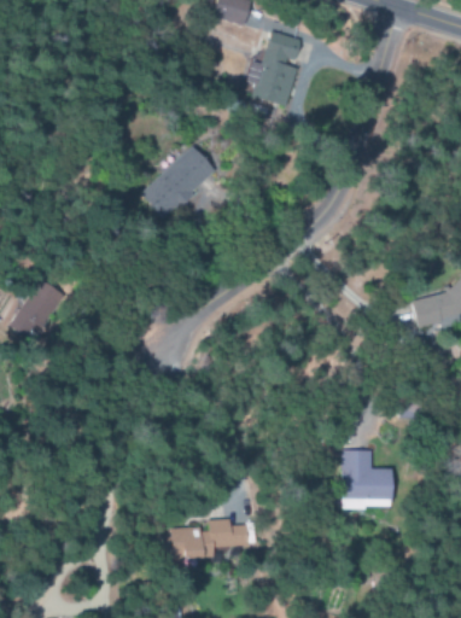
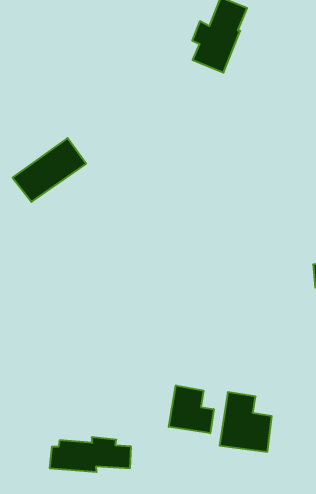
building: [140,145,216,218] -> [13,138,86,202]
building: none -> [169,385,214,433]

